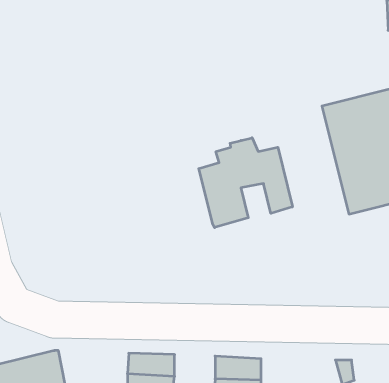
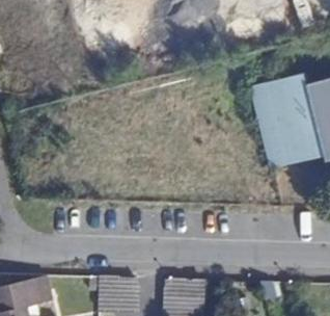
building: [199,138,292,228] -> none

